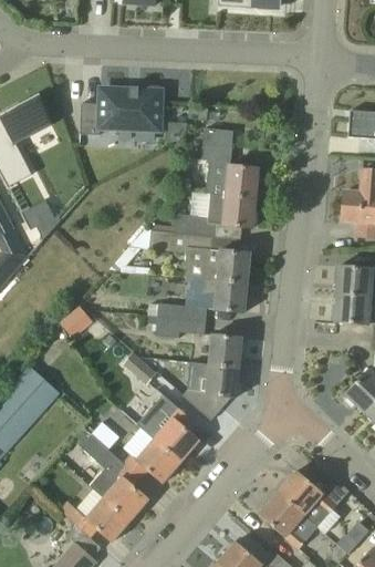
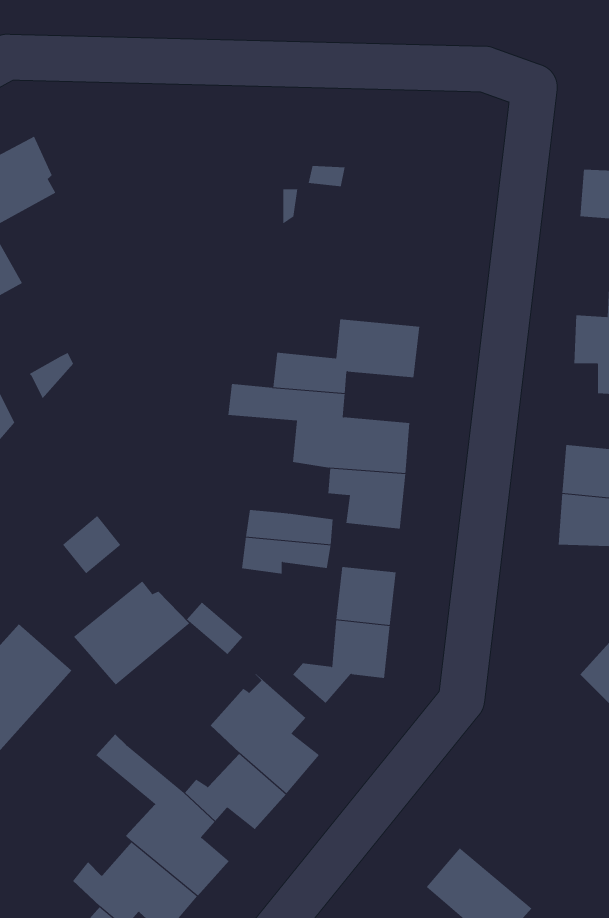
building: [92,91,160,137] -> none
building: [204,128,259,198] -> none
building: none -> [73,580,190,685]
building: [278,470,336,526] -> none

